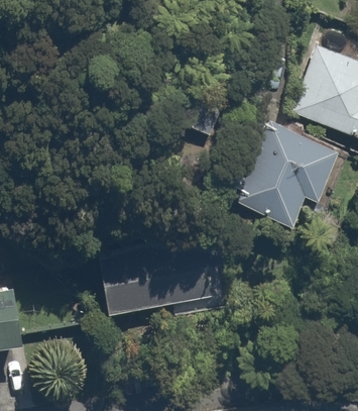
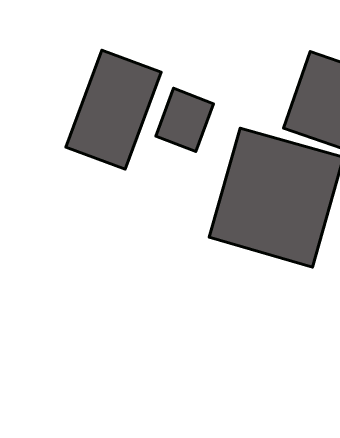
building: none -> [66,50,161,169]
building: [99,229,219,315] -> none

